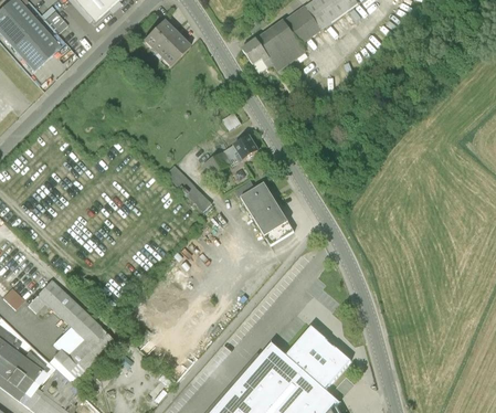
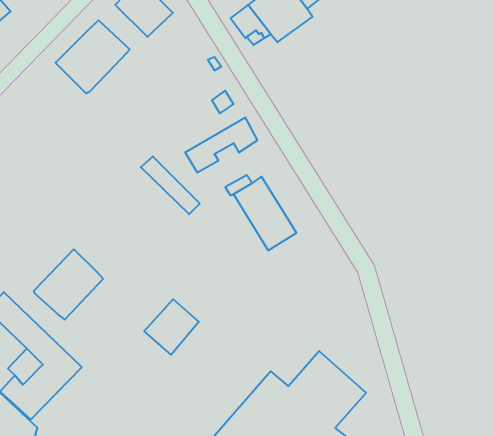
building: none -> [55,20,130,93]
building: none -> [34,249,103,320]
building: none -> [144,299,199,355]

